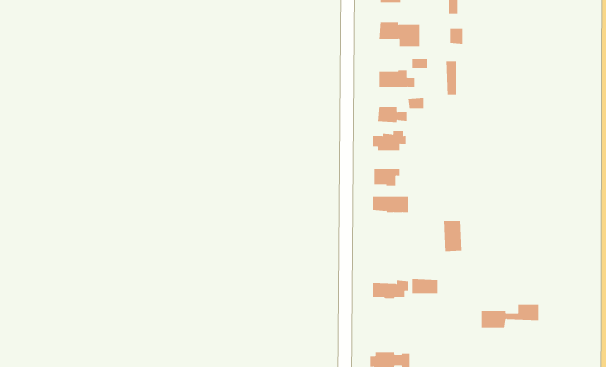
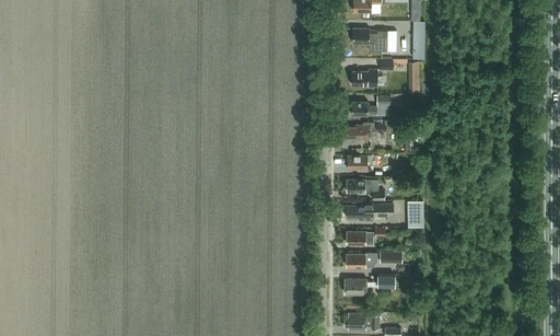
building: none -> [346,204,393,220]
building: none -> [346,229,385,246]
building: [481,304,539,328] -> [345,274,395,294]

